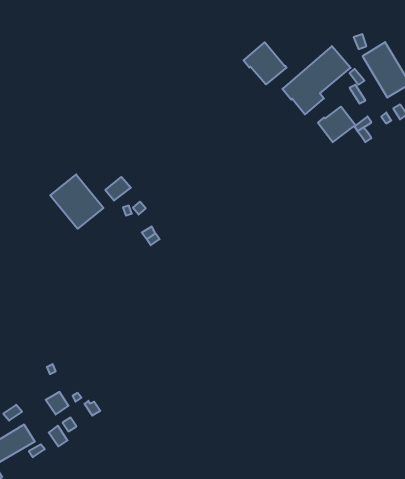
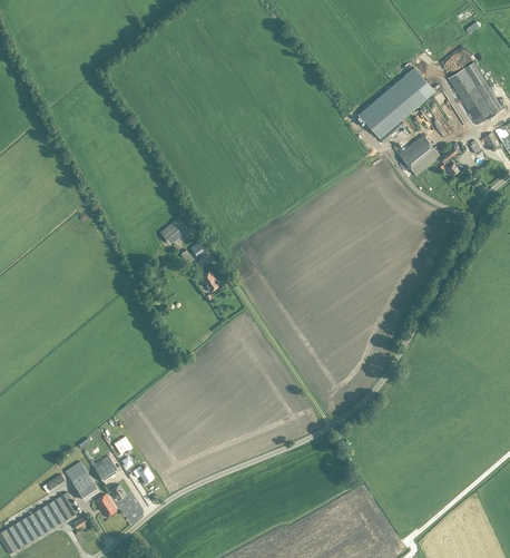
building: [244,42,287,84] -> none
building: [50,174,103,229] -> none
building: none -> [65,462,98,501]

